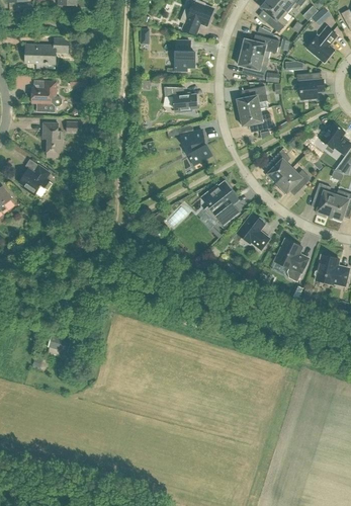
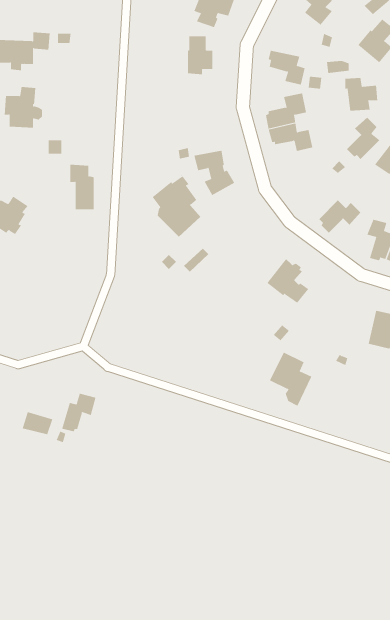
building: [239,35,278,57] -> none
building: [167,87,198,112] -> none
building: [42,121,62,157] -> [70,164,94,210]
building: [265,150,291,183] -> [346,117,380,160]
building: [201,179,240,229] -> [152,174,201,238]
building: [274,239,308,281] -> [269,352,312,406]
building: none -> [61,393,96,432]

